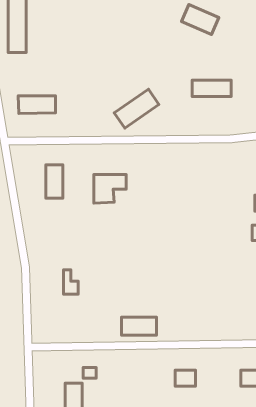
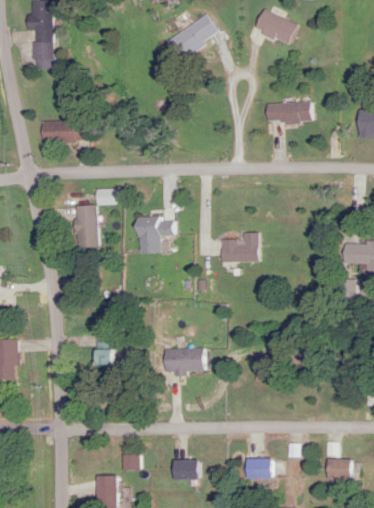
building: [114,89,159,128] -> [159,13,214,61]
building: none -> [216,233,252,261]
building: [121,317,156,335] -> [165,349,208,371]
building: none -> [166,460,193,478]

